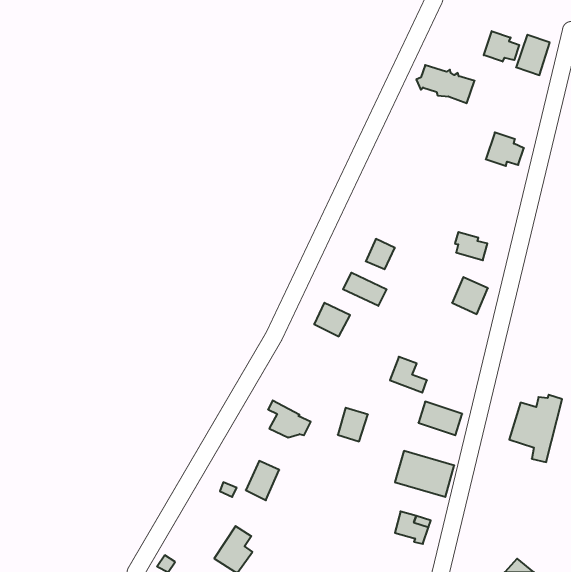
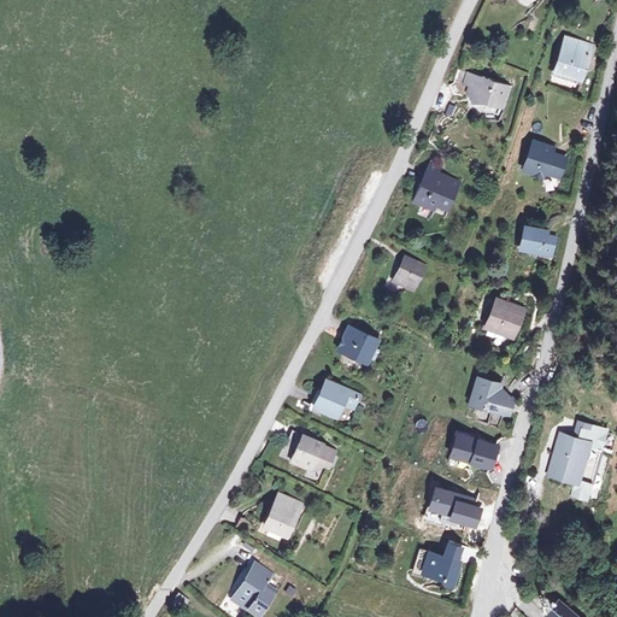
building: [484,31,519,62] -> none
building: none -> [412,165,460,212]
building: [455,232,487,260] -> [523,228,558,258]
building: [343,273,387,306] -> none
building: [390,357,427,393] -> [472,378,512,417]
building: [338,408,368,441] -> [321,383,353,419]

